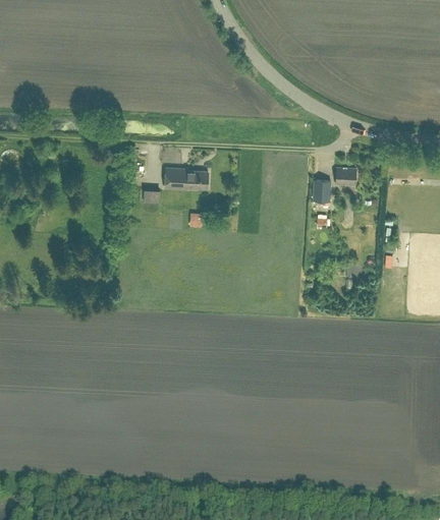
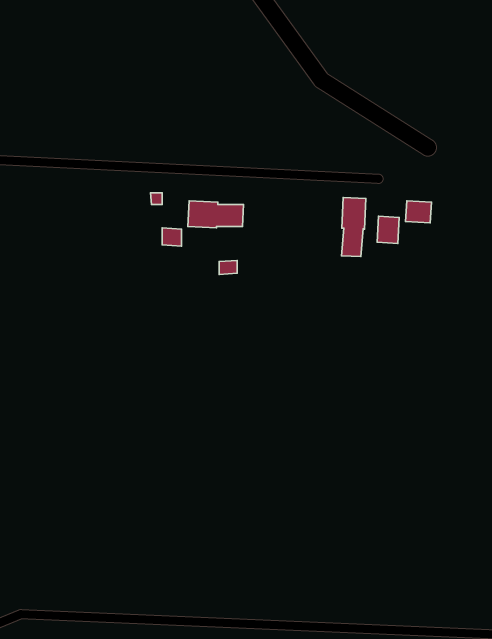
building: none -> [342,198,366,256]

